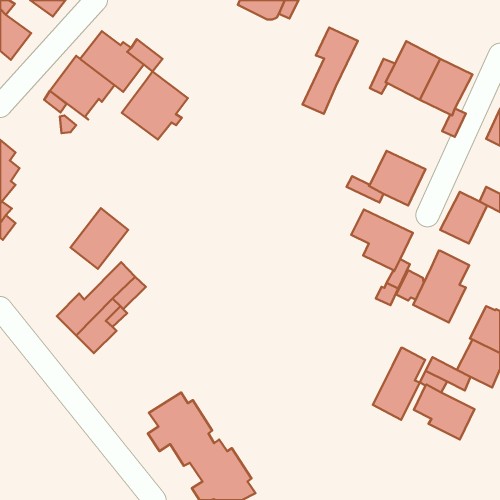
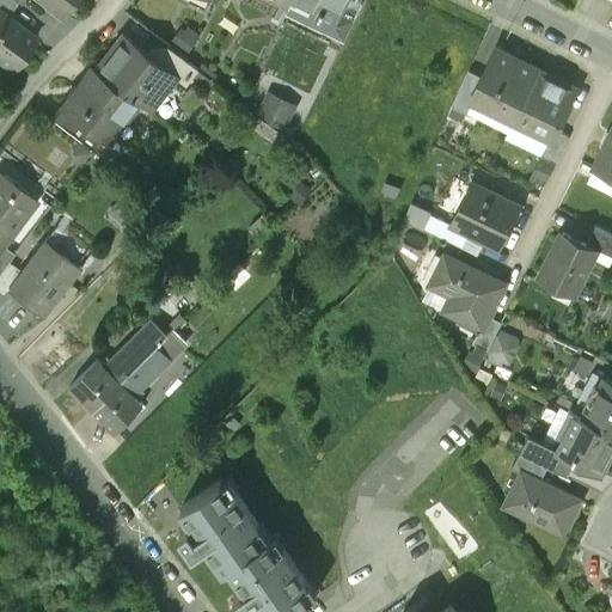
building: [303,27,358,114] -> none
building: [122,71,188,140] -> none
building: none -> [257,92,298,135]
building: [70,208,128,269] -> [8,243,79,317]
building: [413,251,469,323] -> none
building: [373,348,425,420] -> none

